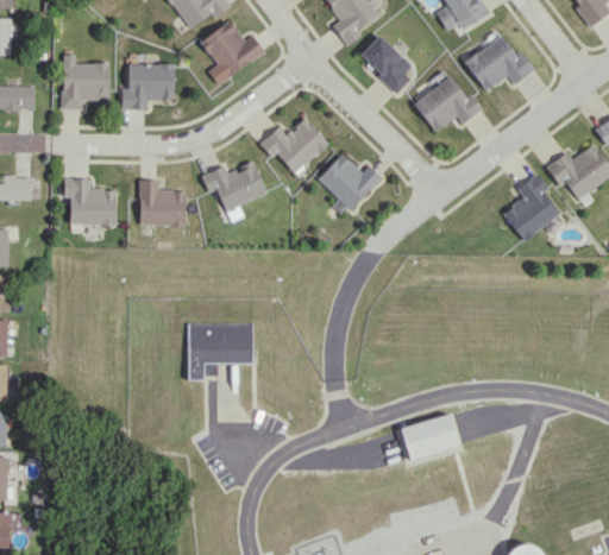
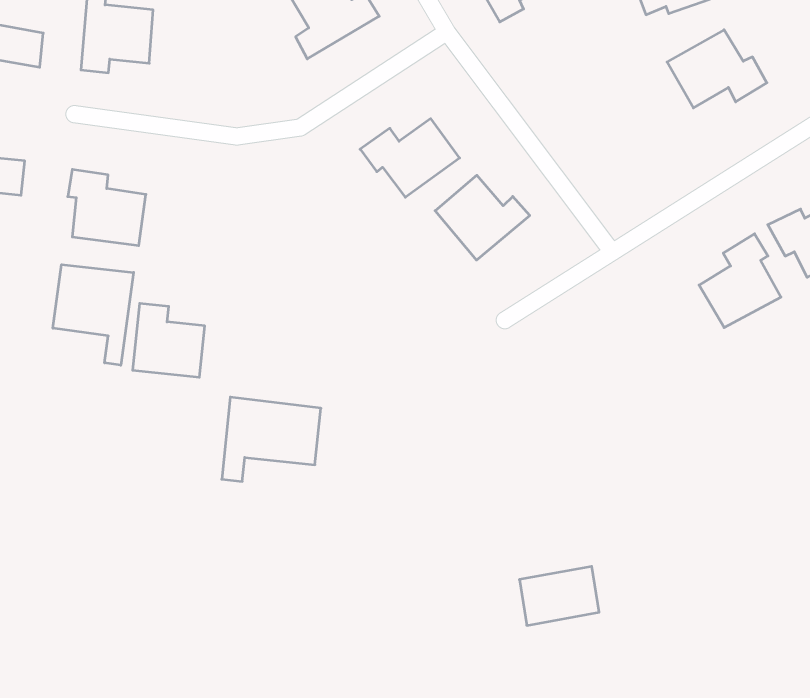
building: [358,34,415,90] -> none
building: [119,64,174,109] -> none
building: [414,76,482,132] -> none
building: [200,160,266,222] -> none
building: [138,179,184,226] -> [133,303,205,377]
building: none -> [53,265,134,365]

